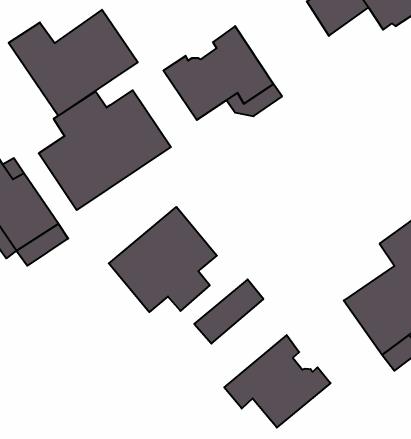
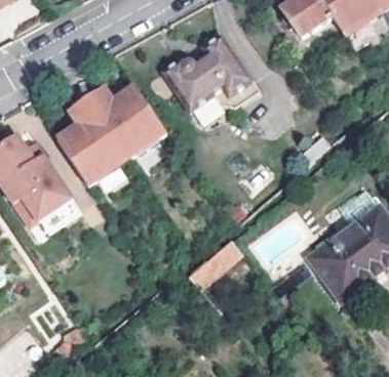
building: [9,10,138,116] -> none
building: [109,207,217,312] -> none
building: [224,335,331,428] -> none

